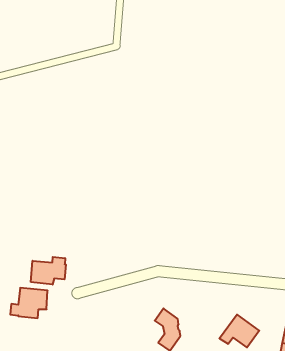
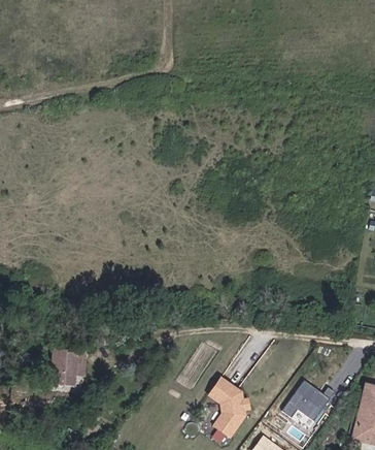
building: [31,257,66,285] -> none

